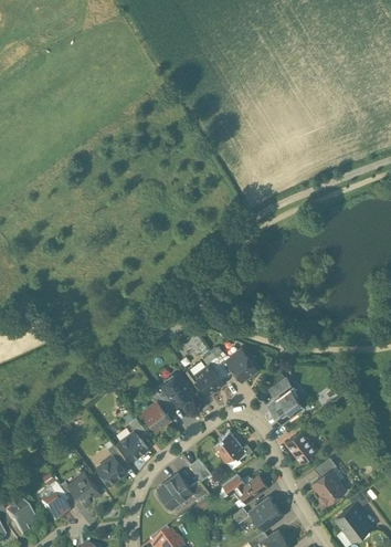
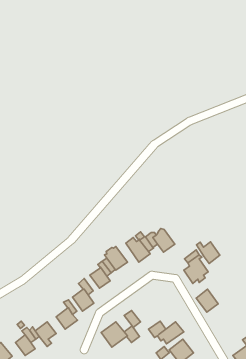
building: none -> [196,242,220,263]
building: [212,432,251,463] -> none
building: [313,472,344,505] -> none

